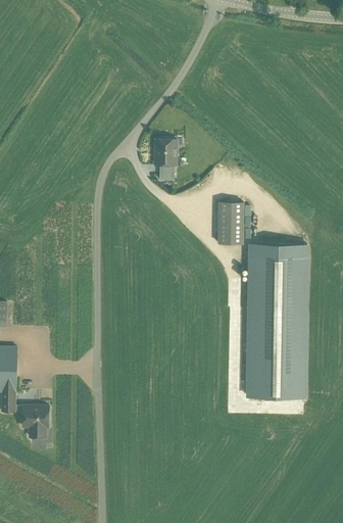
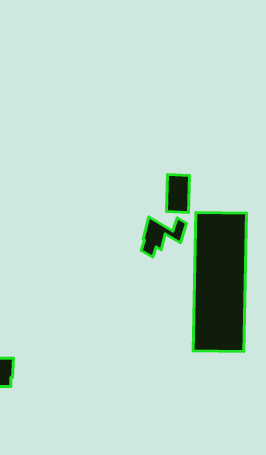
building: [154,139,176,180] -> none
building: none -> [141,217,187,257]

